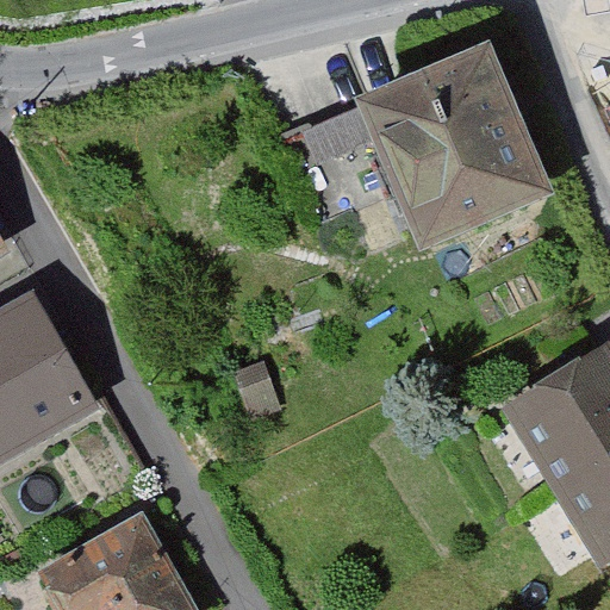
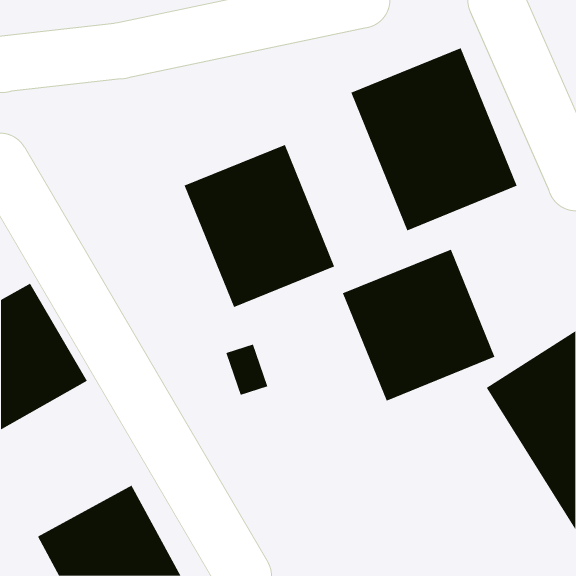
building: none -> [184,144,335,308]
building: none -> [342,249,495,401]

